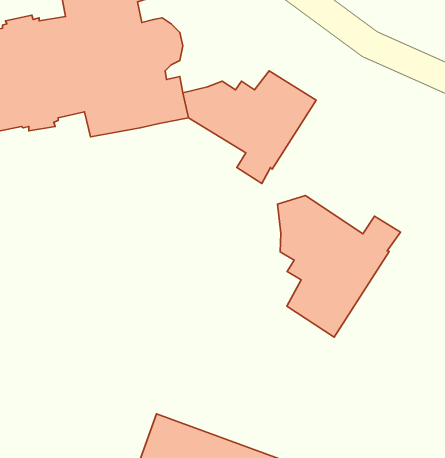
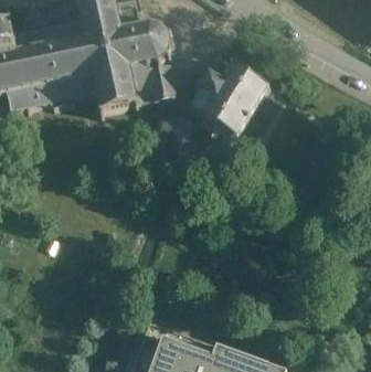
building: [278,195,400,337] -> none

